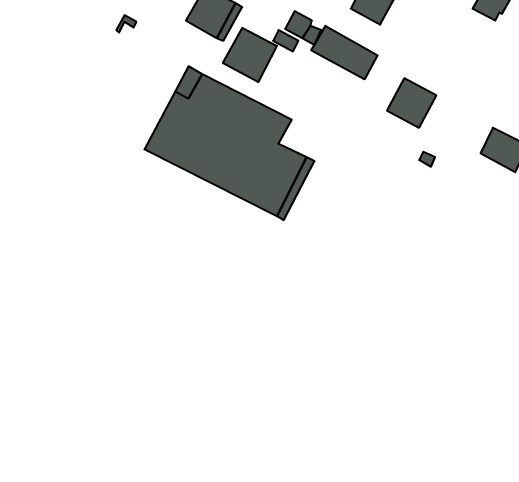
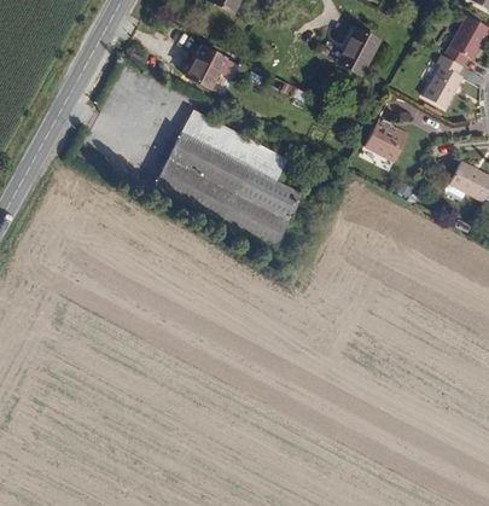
building: none -> [421,57,465,111]
building: [311,26,378,79] -> none
building: [223,28,277,82] -> none

